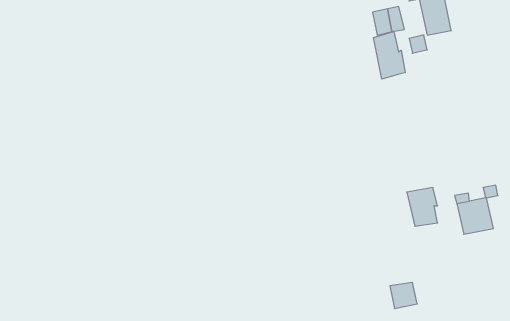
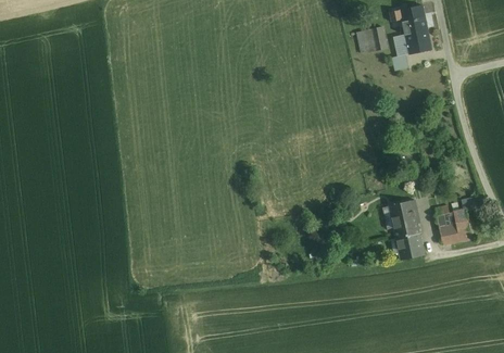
building: [374,31,405,79] -> none
building: [390,282,417,309] -> [396,234,423,259]

